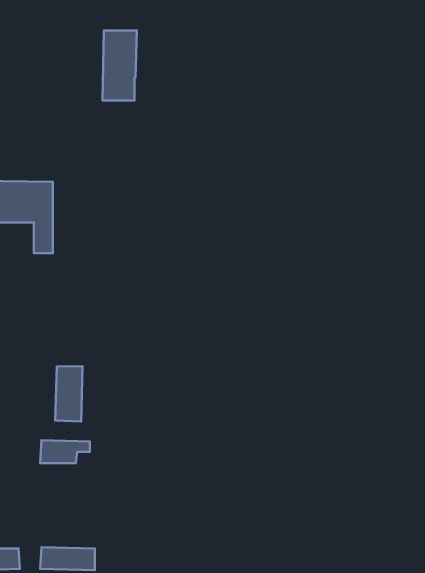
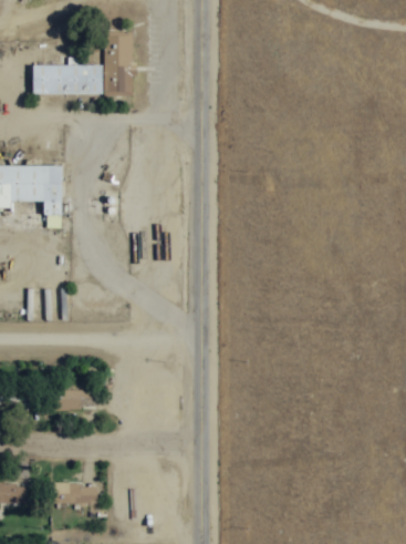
building: none -> [32,64,102,93]
building: [55,366,83,422] -> none

